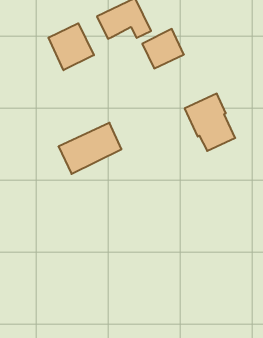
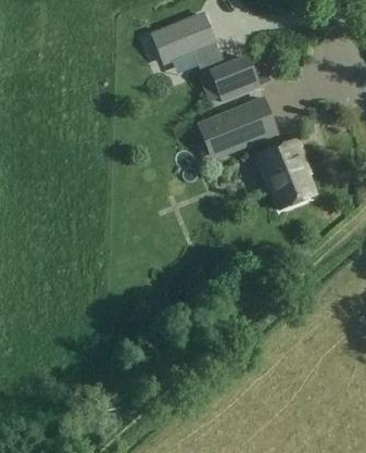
building: [48,23,94,70] -> none
building: [58,123,122,174] -> [198,98,276,159]

